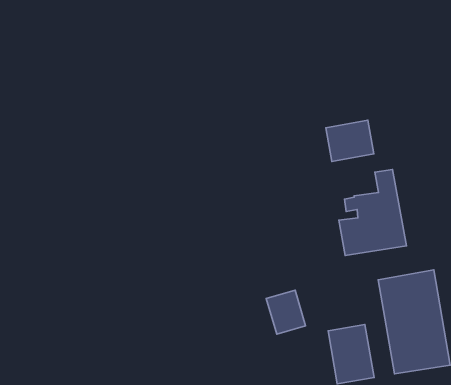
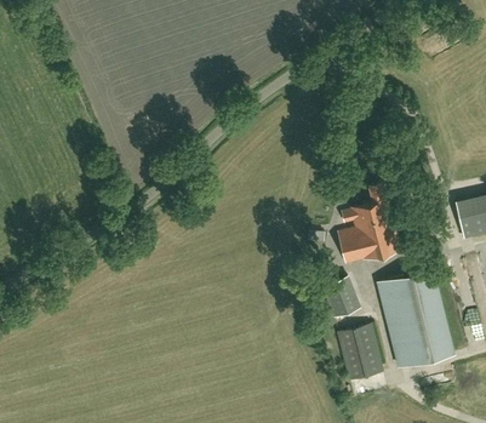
building: [326,120,374,161] -> none
building: [266,290,306,334] -> [321,276,359,318]

